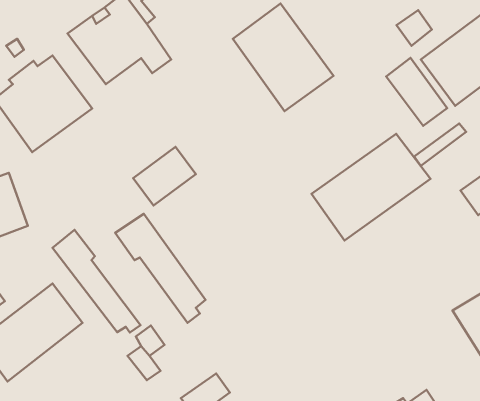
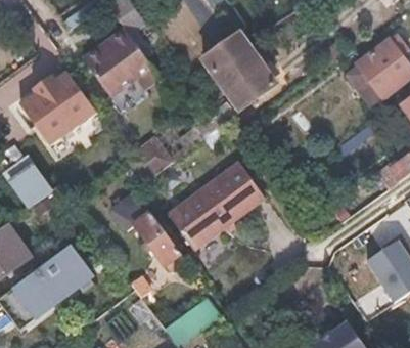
building: [386,58,447,126] -> none
building: [312,134,430,240] -> [176,163,265,243]
building: [53,230,140,332] -> none

